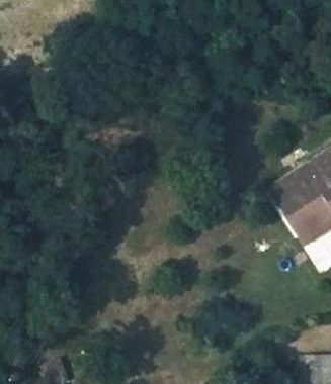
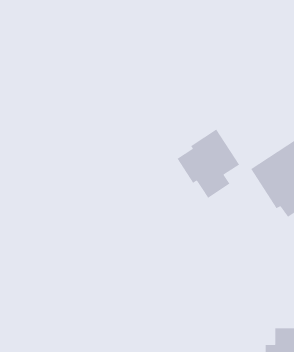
building: none -> [176,129,240,199]

